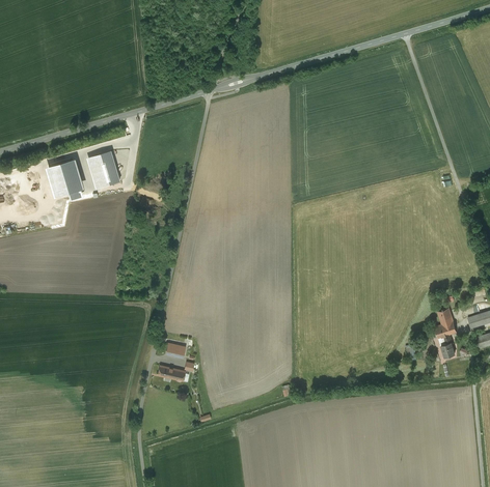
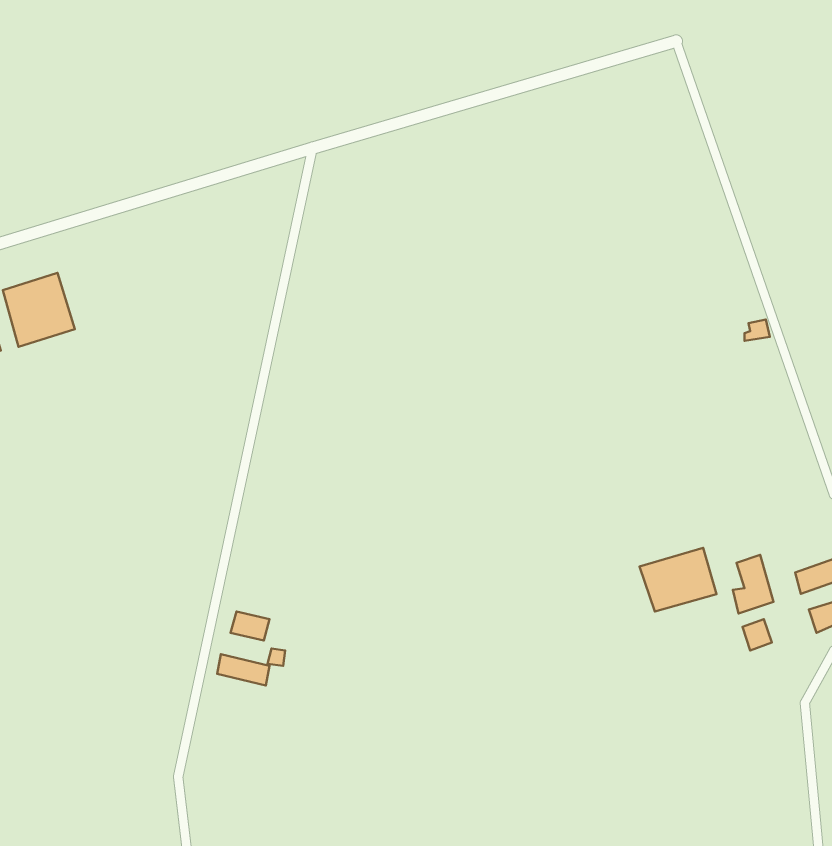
building: [86,151,120,190] -> none
building: none -> [639,548,717,612]

